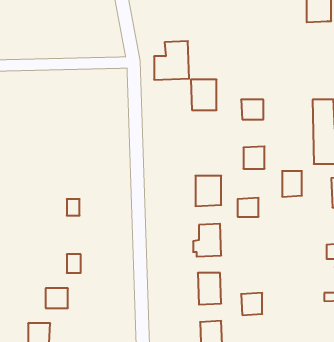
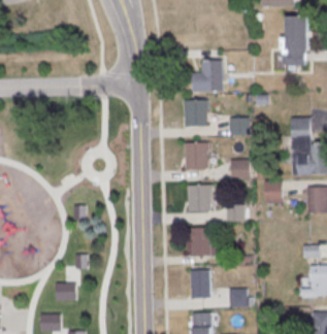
building: none -> [281,48,304,65]
building: [154,41,189,80] -> [192,59,223,93]
building: none -> [185,142,207,169]

